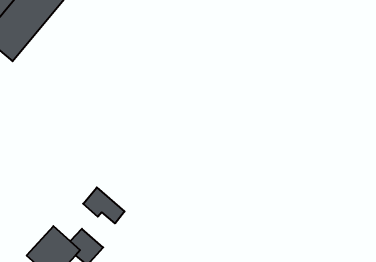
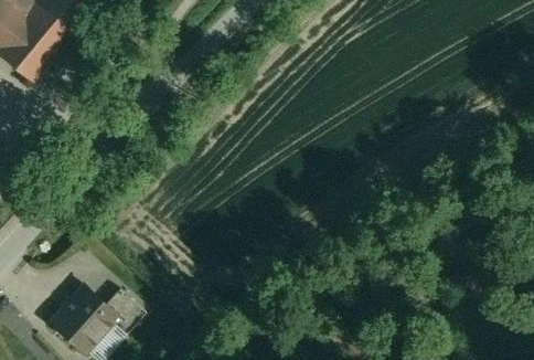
building: [83,187,125,223] -> none

